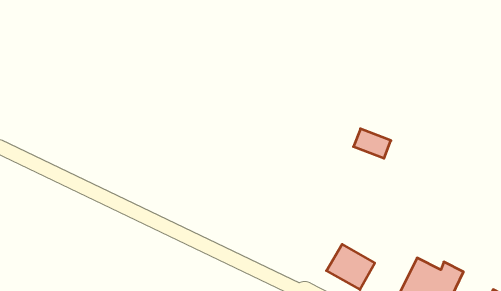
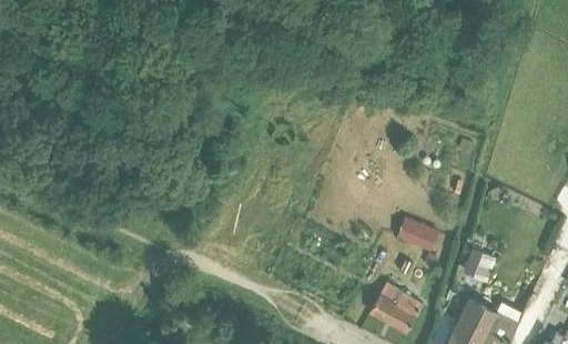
building: [353,129,391,158] -> [396,217,438,251]
building: none -> [463,250,496,281]

